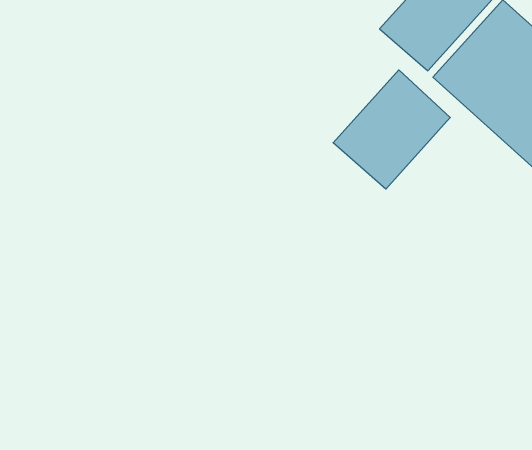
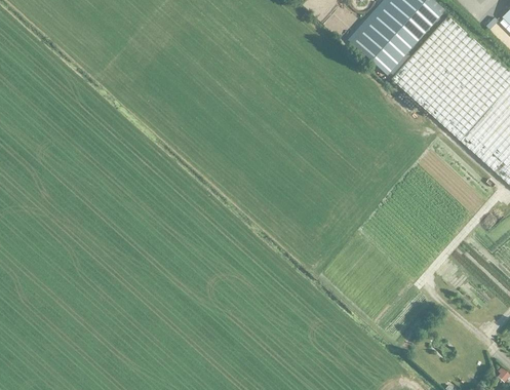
building: [333,70,450,189] -> none

